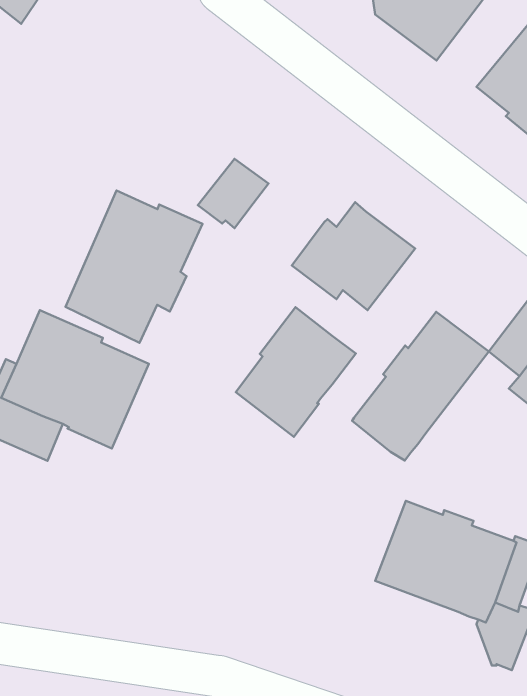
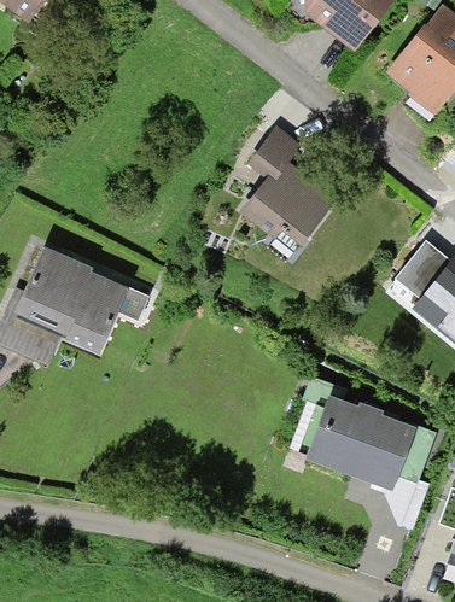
building: [198,159,268,228] -> [246,127,302,181]
building: [65,191,203,343] -> none
building: [236,307,356,437] -> none
building: [352,312,489,461] -> none

